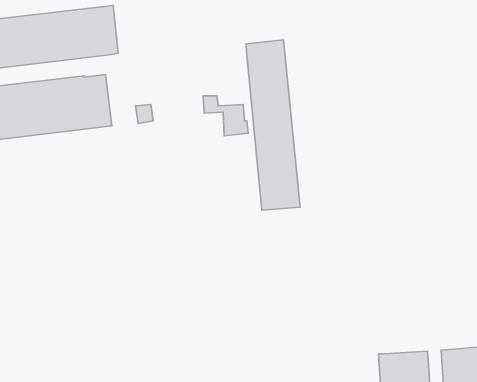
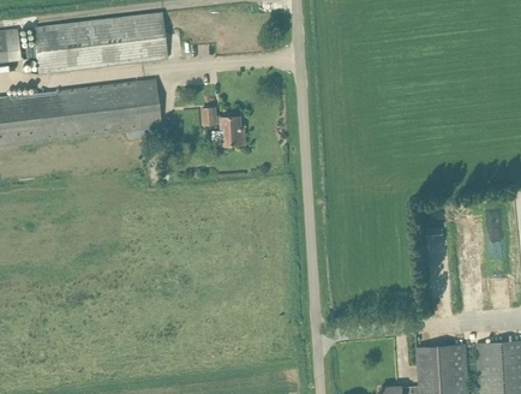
building: [246,40,300,210] -> none
building: [203,96,248,136] -> [202,107,245,145]

